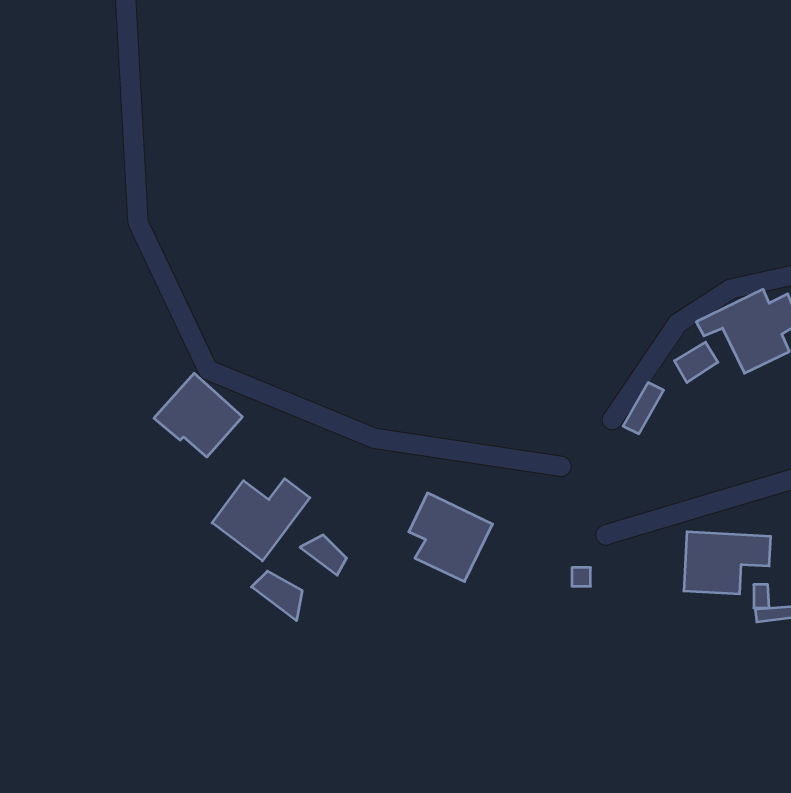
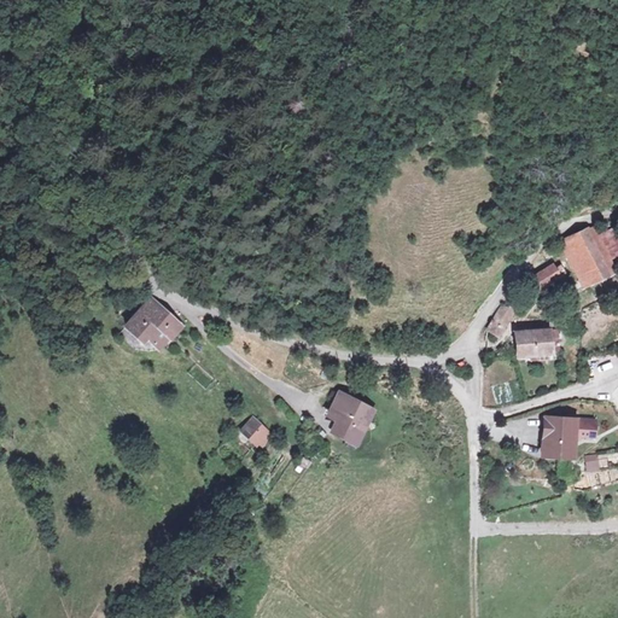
building: none -> [513,327,564,361]
building: [212,479,310,561] -> none
building: [251,571,302,621] -> none

